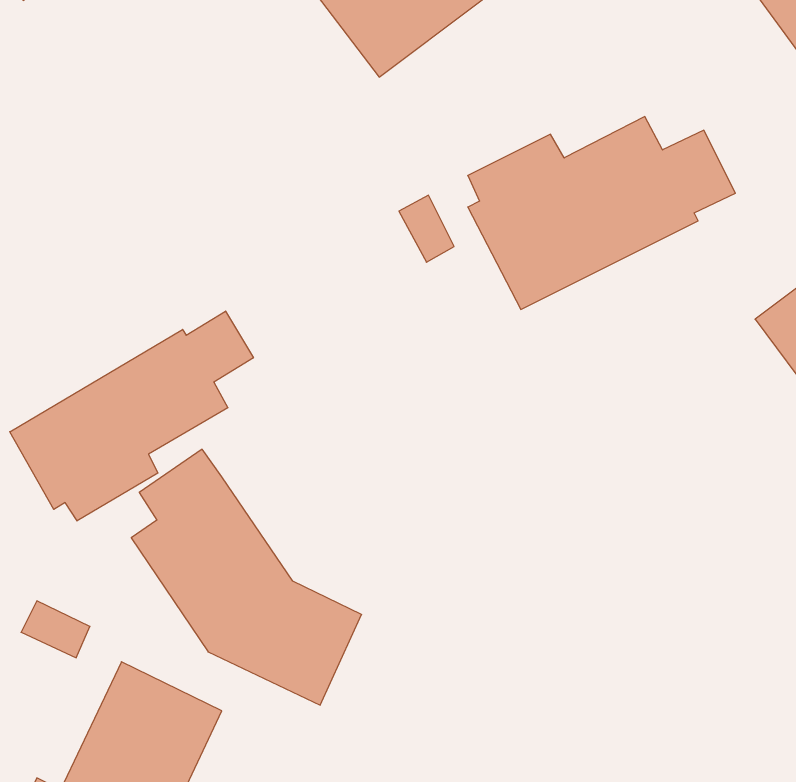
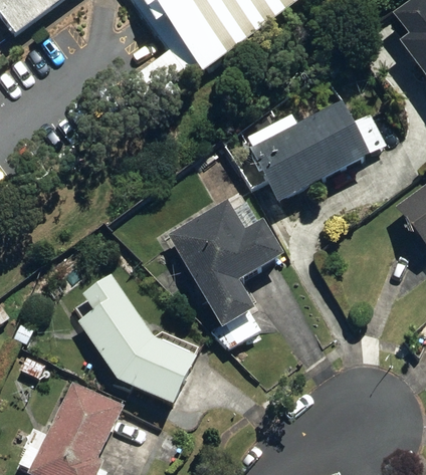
building: none -> [167,199,282,342]
building: [10,311,253,521] -> none

